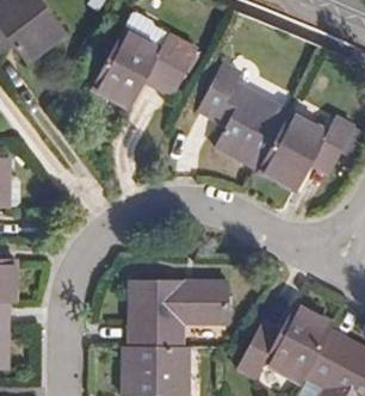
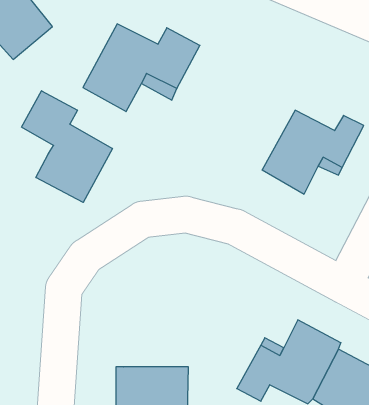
building: [198,58,292,163] -> none
building: none -> [22,91,112,202]
building: [130,281,234,348] -> none

